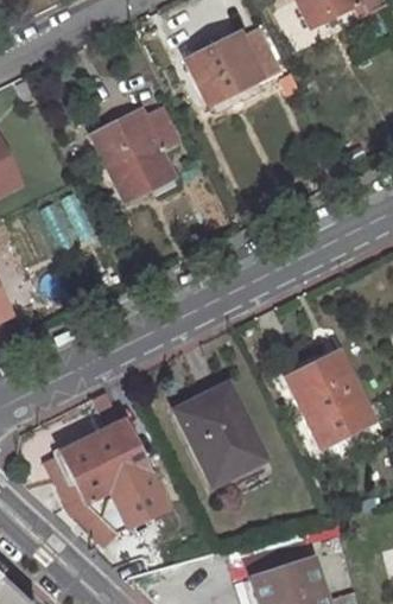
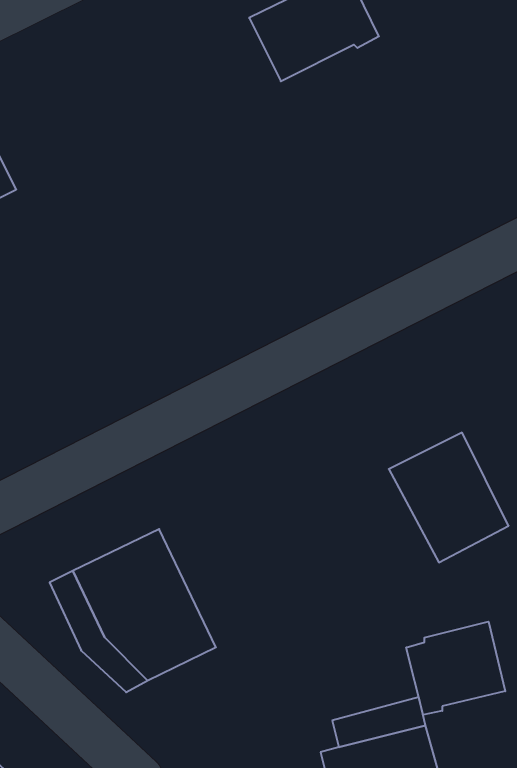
building: [94,107,182,201] -> none
building: [179,380,267,481] -> none
building: none -> [406,622,505,715]

